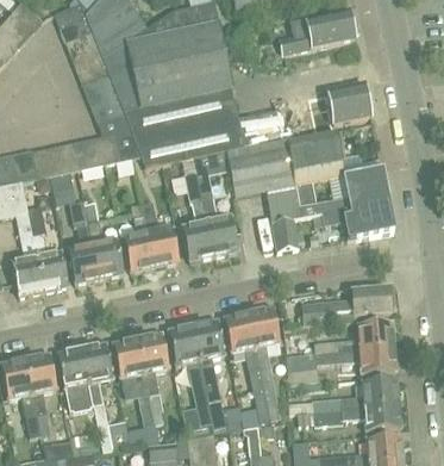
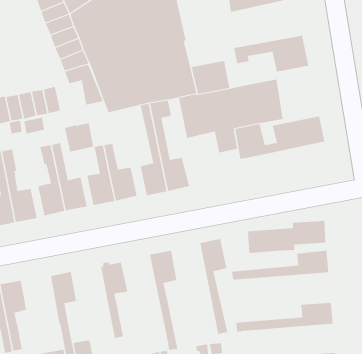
building: [87,131,120,164] -> [64,122,94,152]
building: [323,199,394,238] -> none
building: [269,207,299,249] -> none
building: [224,312,268,416] -> none
building: [168,325,212,428] -> none
building: [112,336,152,421] -> none
building: [284,346,395,381] -> none
building: [56,349,90,406] -> none
building: [298,403,399,430] -> none

